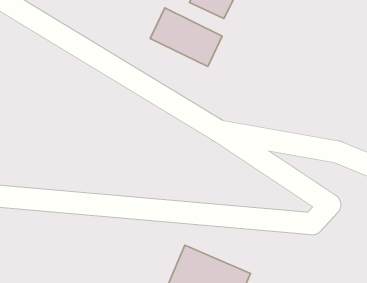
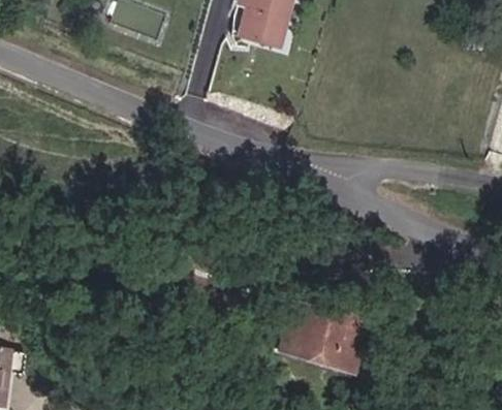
building: [150,8,222,66] -> none

